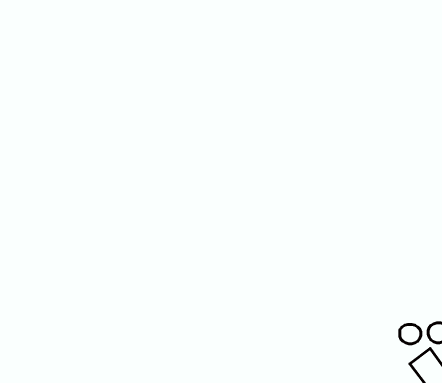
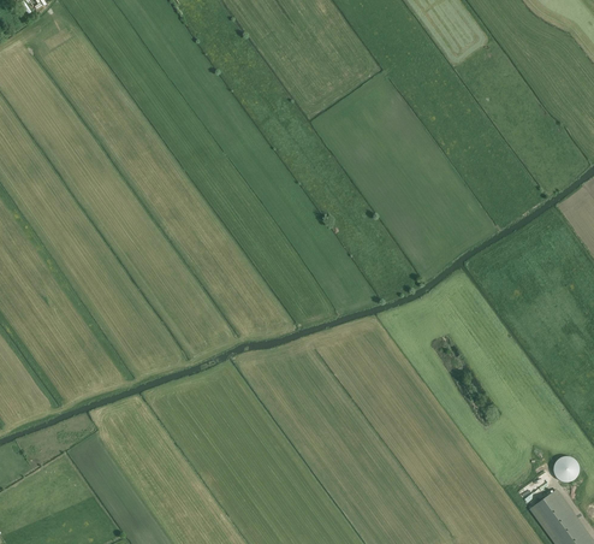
building: [400,324,421,344] -> none

